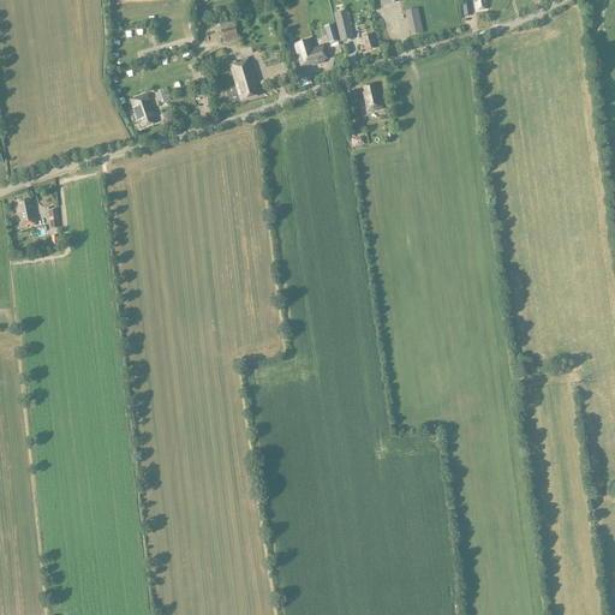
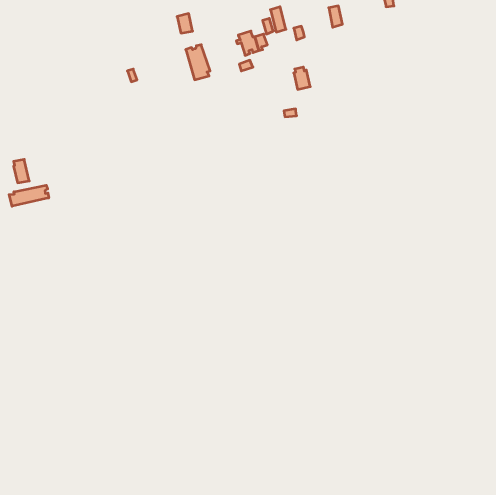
building: [131,91,159,125] -> none
building: none -> [9,185,49,206]

